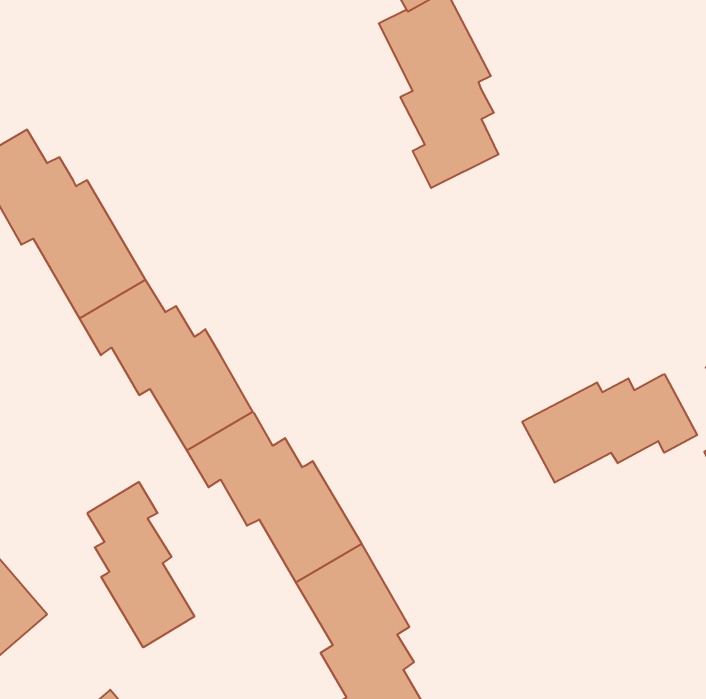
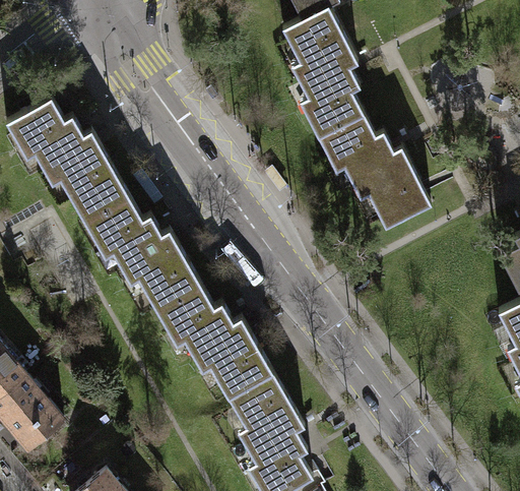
building: none -> [318,116,431,231]
building: [522,374,697,483] -> none
building: [88,482,194,647] -> none

